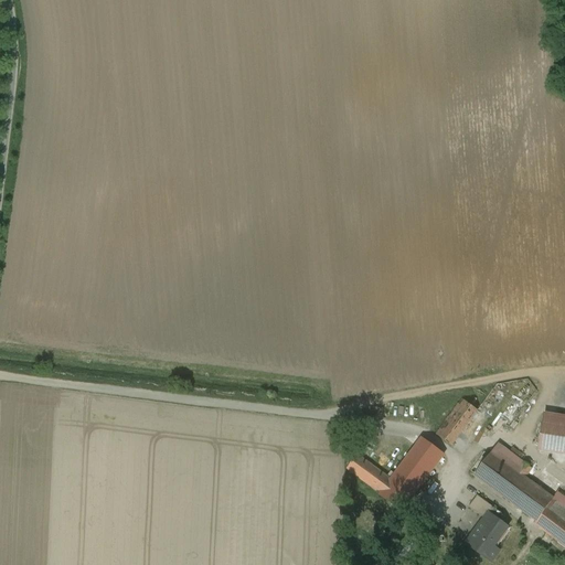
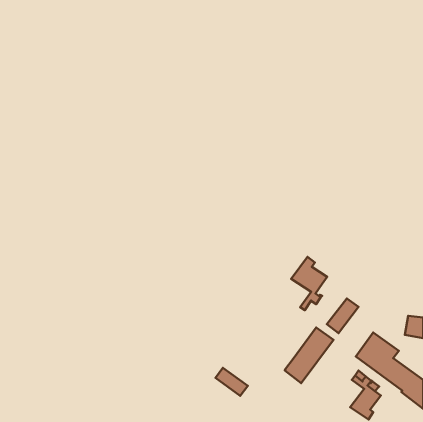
building: none -> [291,257,327,310]
building: [348,454,391,491] -> [215,368,248,396]

